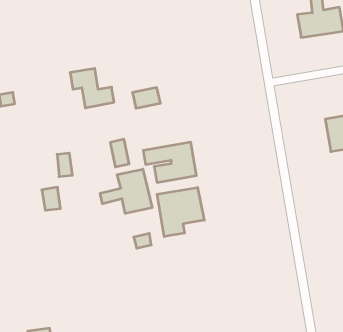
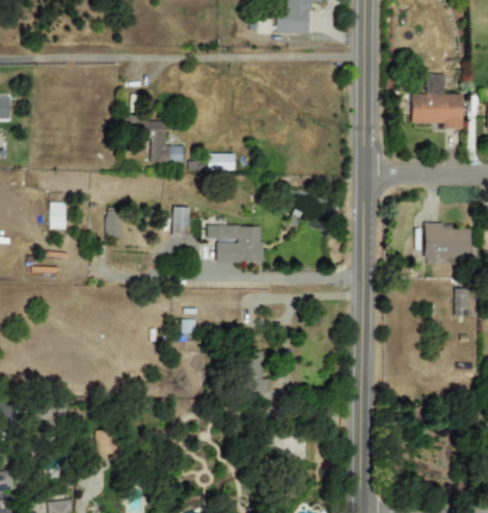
building: [100,169,152,213] -> none
building: [42,187,60,210] -> [48,203,66,227]
building: [157,187,204,237] -> none

